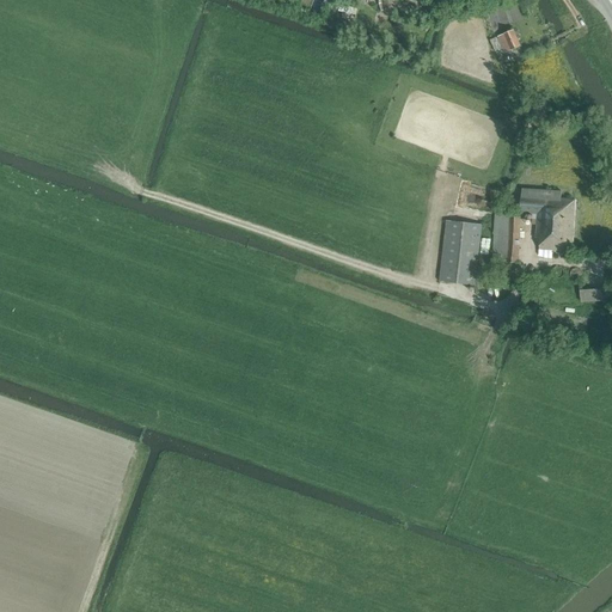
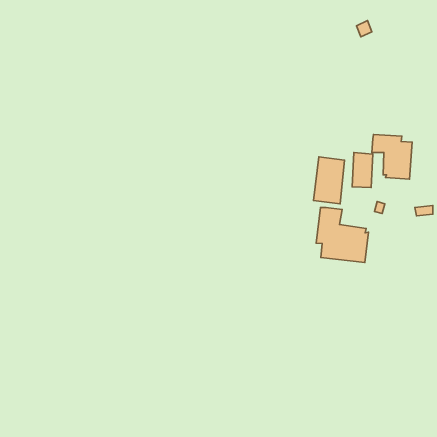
building: none -> [316,207,368,263]

